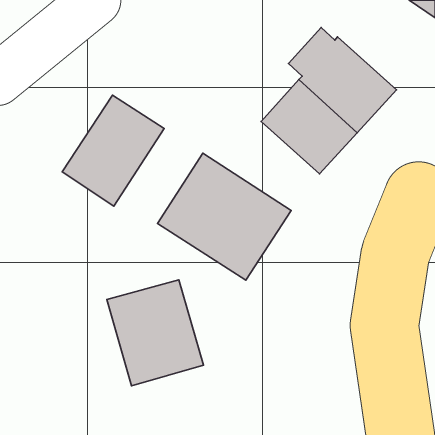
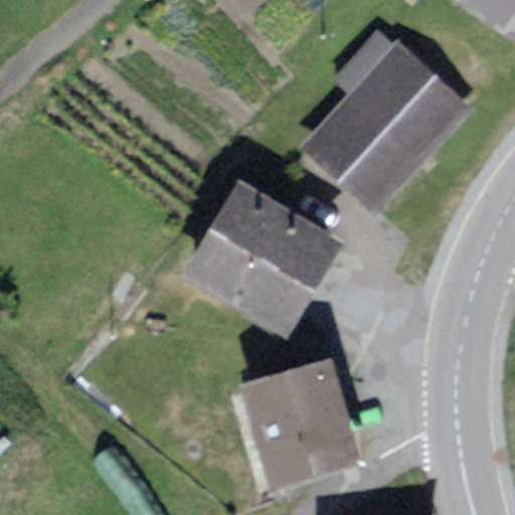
building: [62,95,164,206] -> none
building: [107,280,204,386] -> [240,361,354,486]

